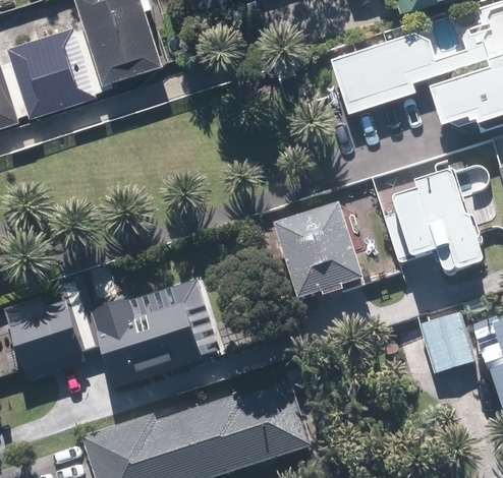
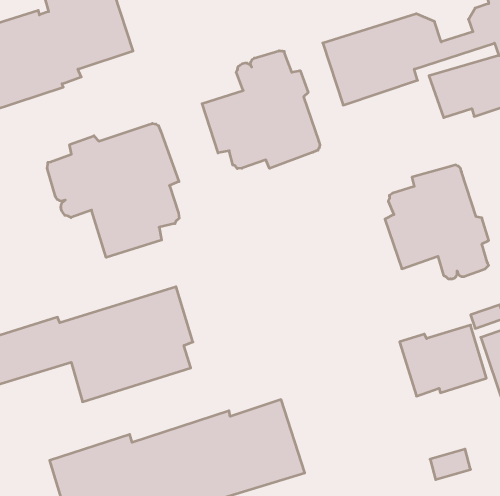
building: none -> [202,51,320,169]
building: none -> [47,123,179,257]
building: [272,200,362,297] -> none

